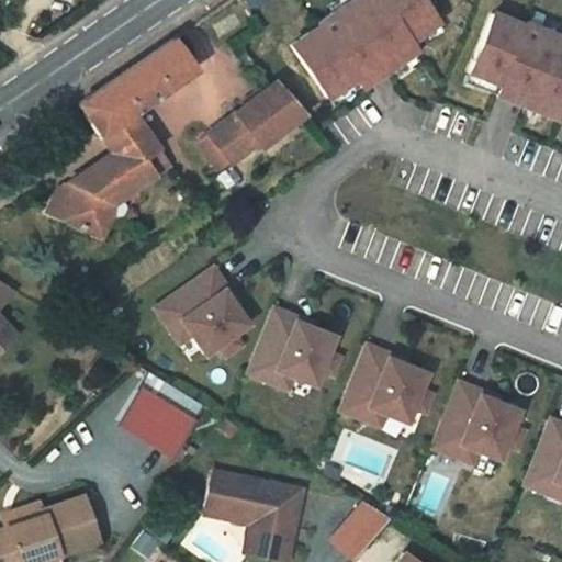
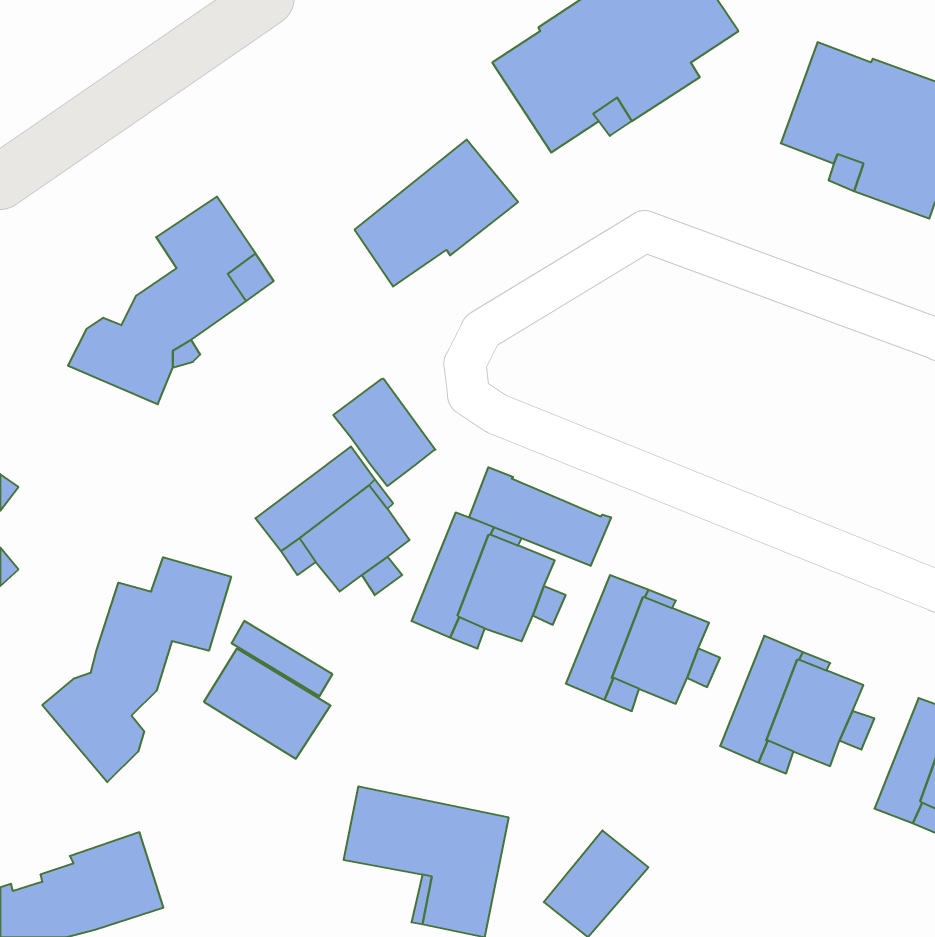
building: [74,43,194,142] -> none
building: none -> [333,379,436,486]
building: none -> [469,467,611,566]
building: none -> [42,557,231,782]

